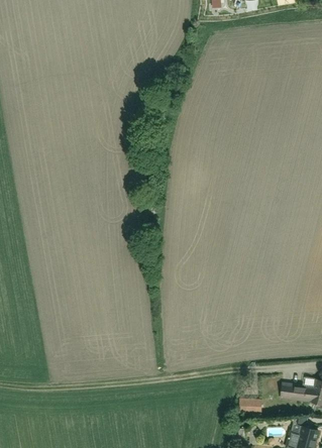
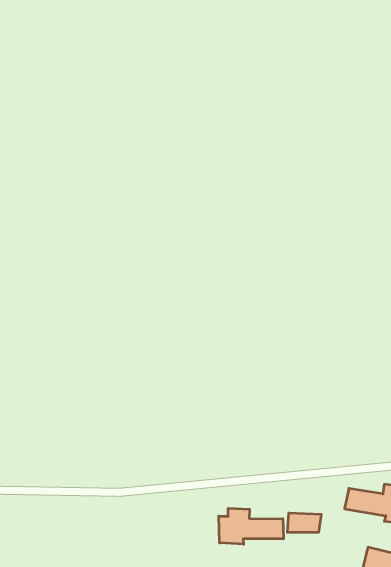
building: none -> [219,508,283,544]

